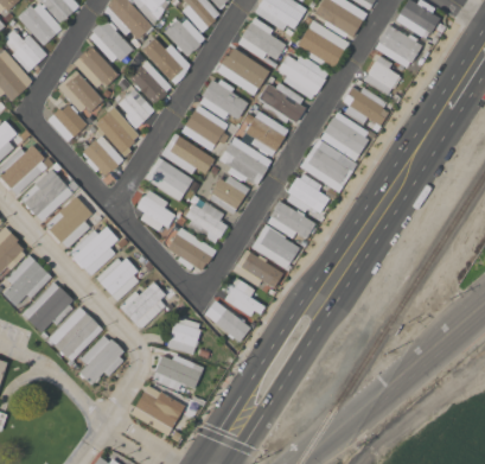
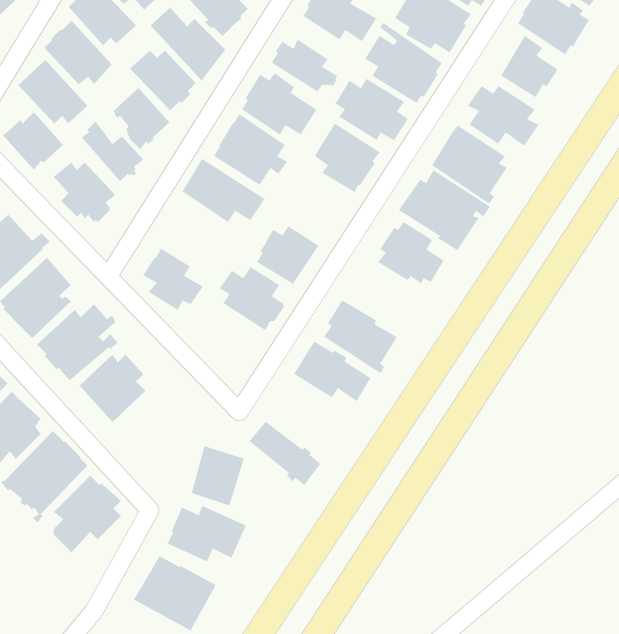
building: [218,136,272,184] -> none
building: [143,157,191,199] -> none
building: [267,199,315,239] -> none
building: [167,227,216,271] -> none
building: [222,277,264,316] -> none
building: [119,281,166,329] -> none

